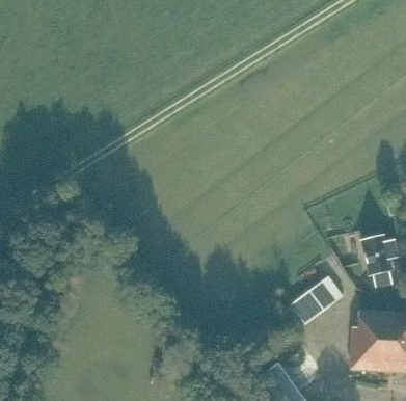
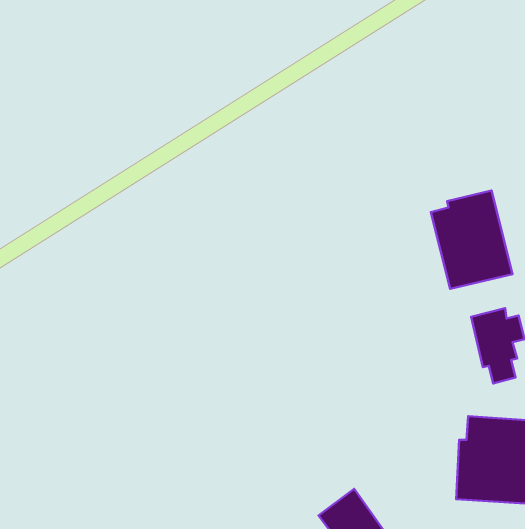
building: none -> [431,191,512,289]
building: [292,275,344,323] -> none

